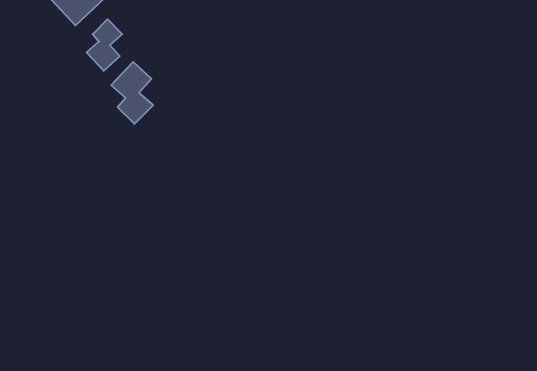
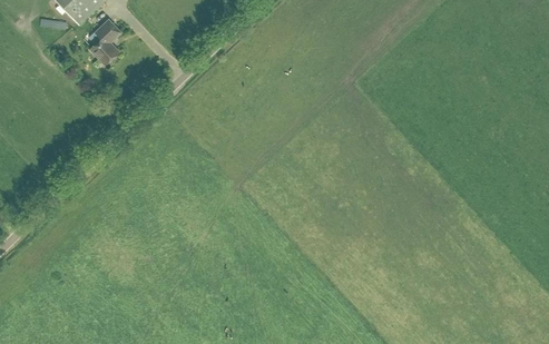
building: [111,62,153,124] -> none

